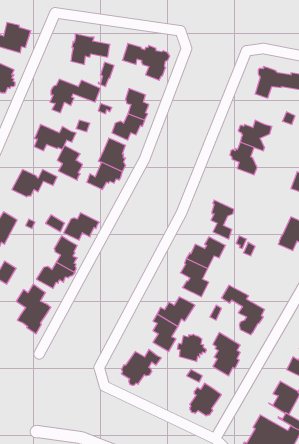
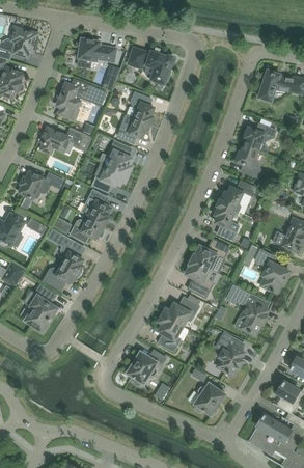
building: [57,145,82,180] -> [85,189,110,223]
building: none -> [218,180,255,211]
building: none -> [254,249,289,293]
building: [178,334,206,362] -> none

